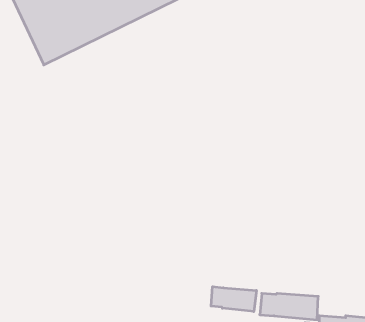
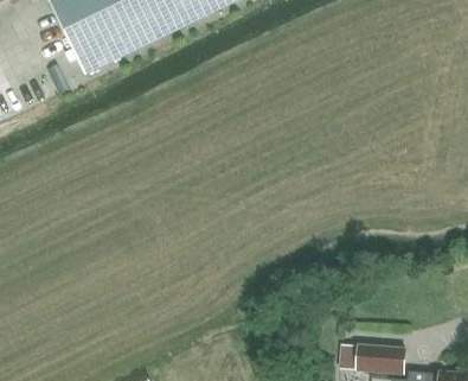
building: [211,287,256,312] -> none

